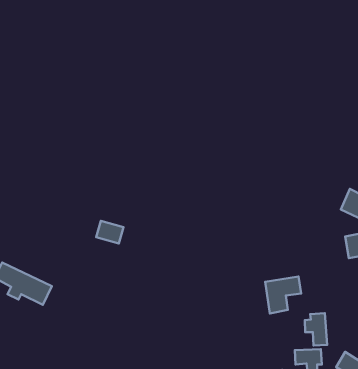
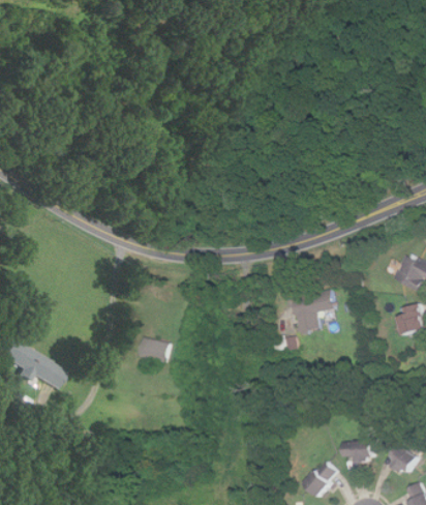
building: [96,221,123,244] -> [139,335,170,361]
building: [265,277,301,313] -> [294,290,335,332]
building: [305,313,327,345] -> none

